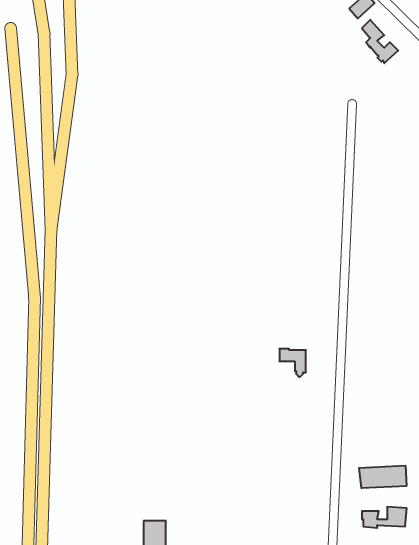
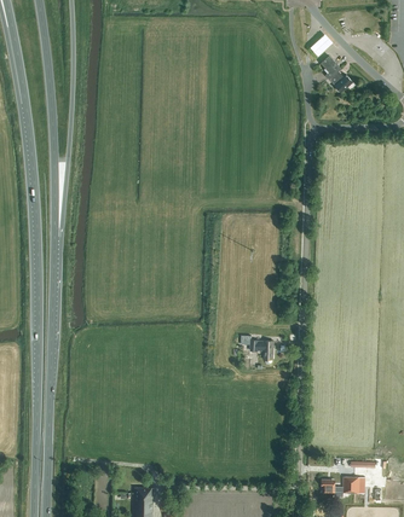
building: [359,466,406,488] -> none

